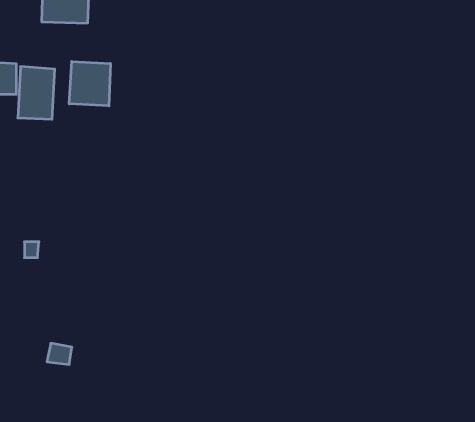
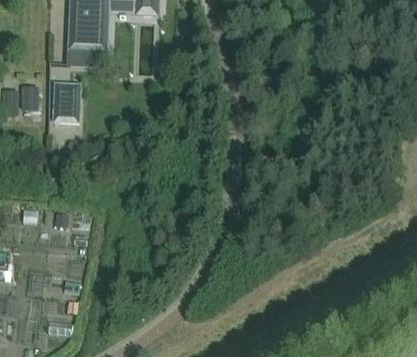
building: [69,61,110,106] -> none

